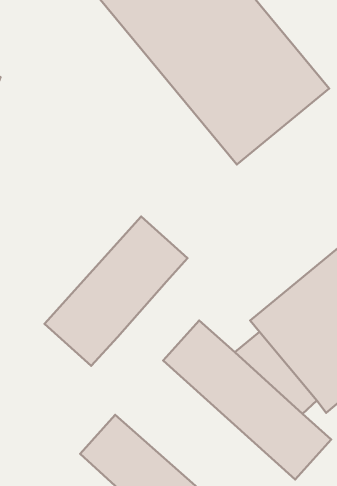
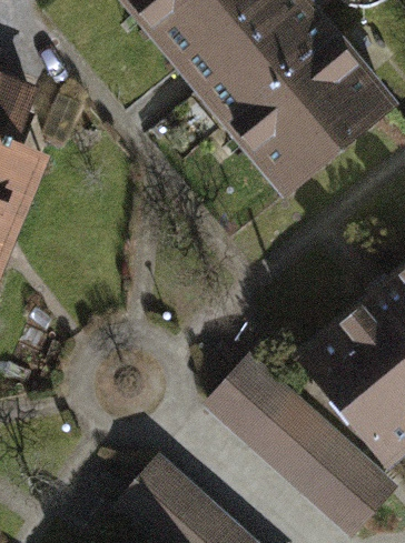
building: [45,216,188,366] -> none

